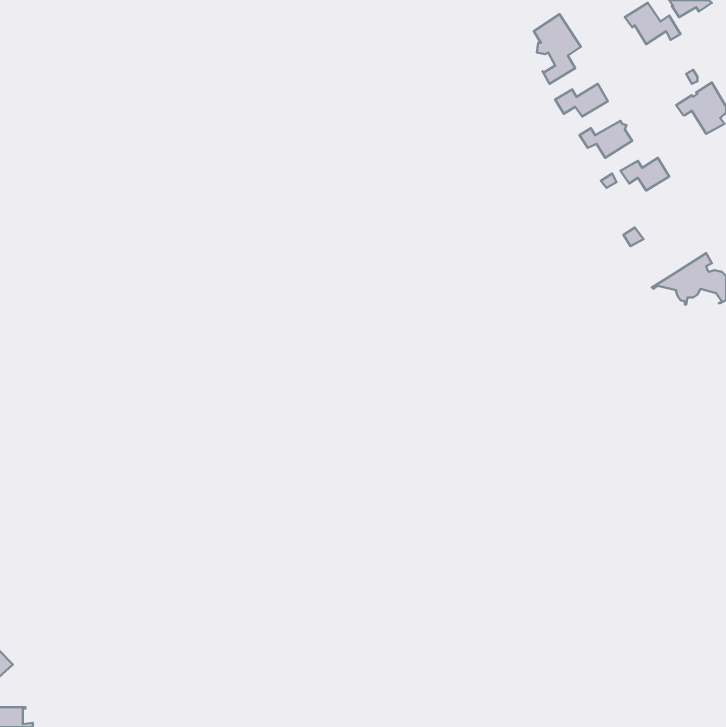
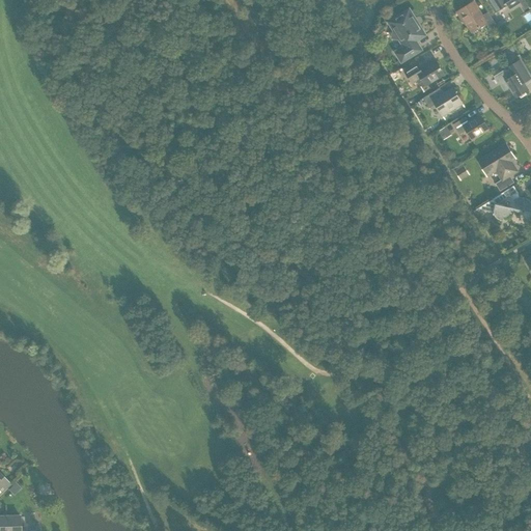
building: none -> [480,144,515,191]

